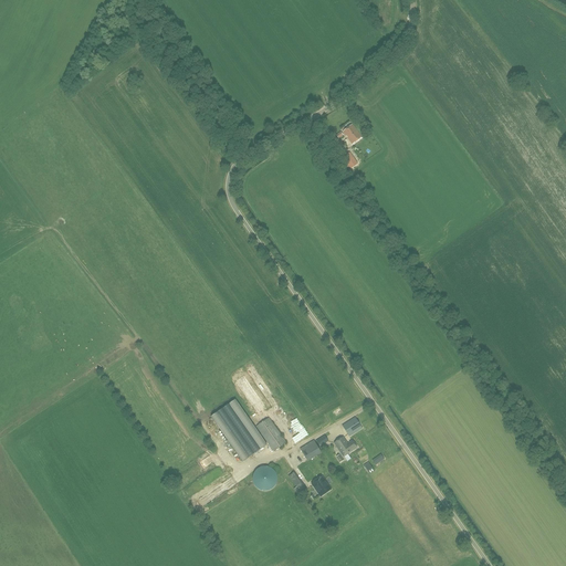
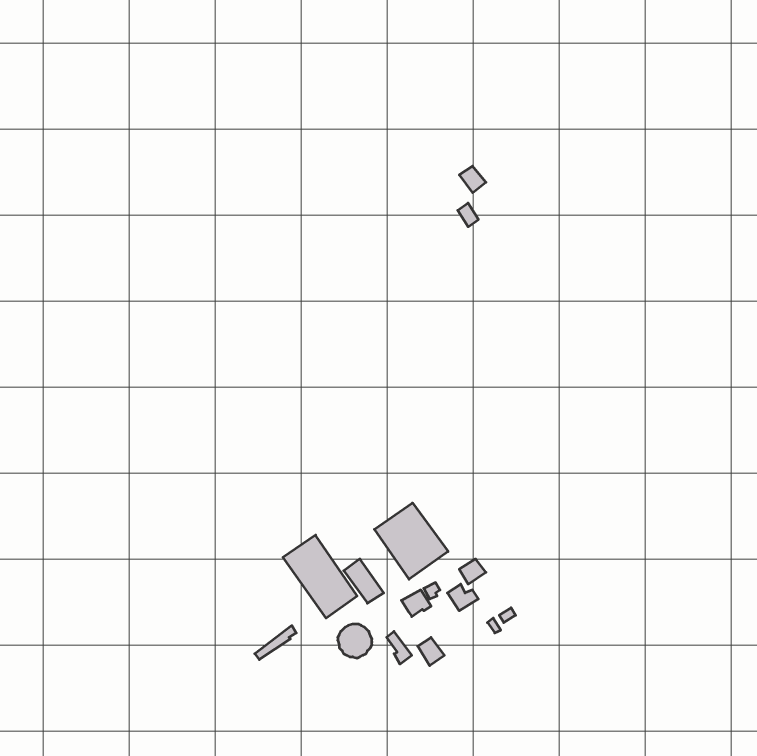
building: none -> [374,503,448,579]

